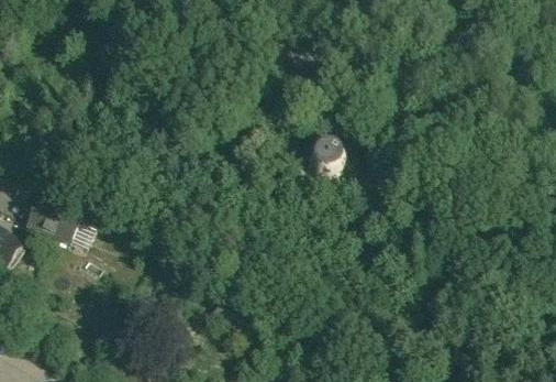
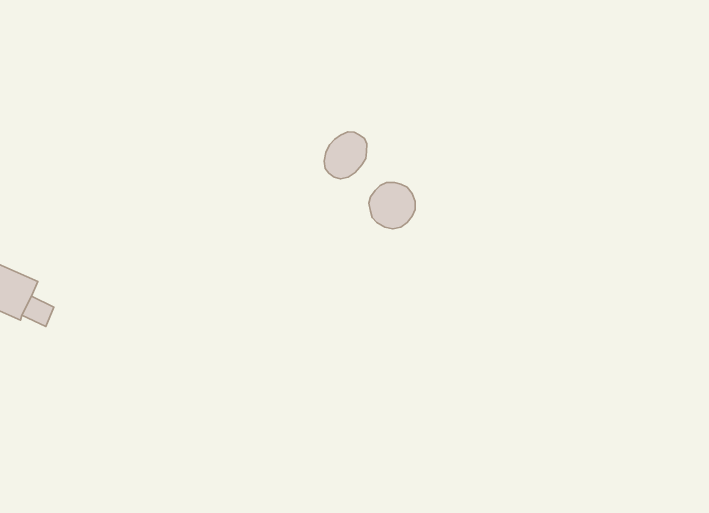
building: none -> [324,132,367,179]

